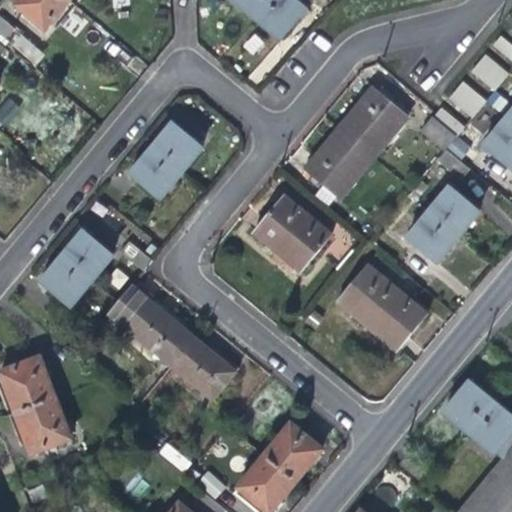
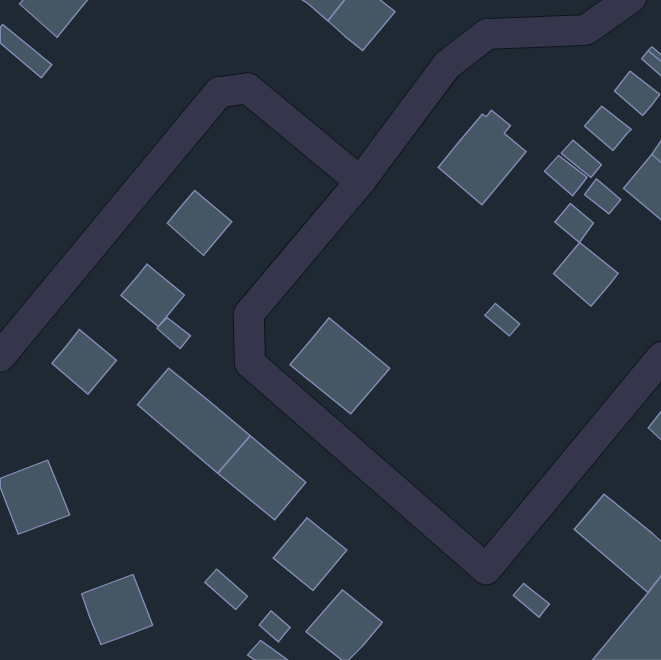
building: [151,122,200,171] -> none
building: [306,129,373,198] -> none
building: [253,196,330,270] -> [290,318,390,414]
building: [406,211,457,262] -> none
building: [62,230,111,278] -> [121,264,184,326]
building: [337,265,426,349] -> none
building: [15,397,70,451] -> [81,575,153,645]
building: [265,424,322,480] -> [273,518,347,590]

